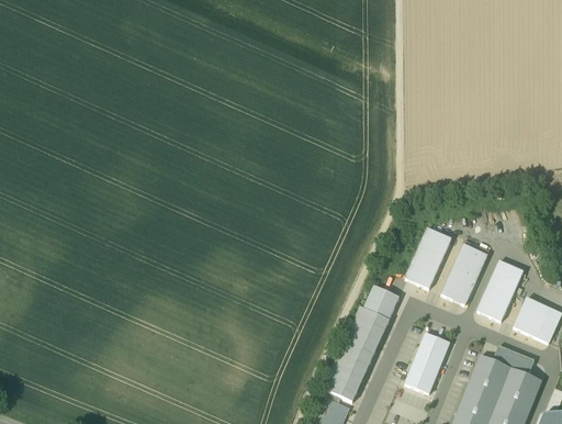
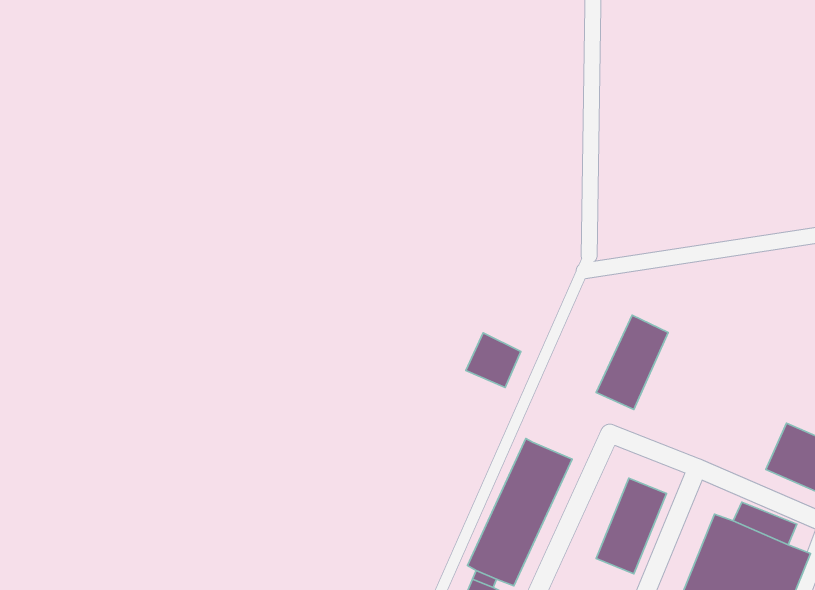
building: [441,245,487,305] -> none
building: [476,261,522,322] -> none
building: [363,286,398,321] -> [466,333,521,388]

